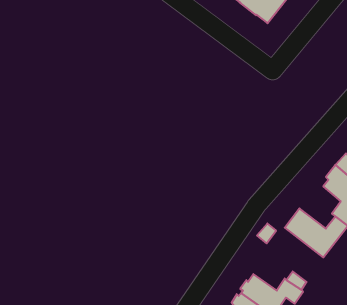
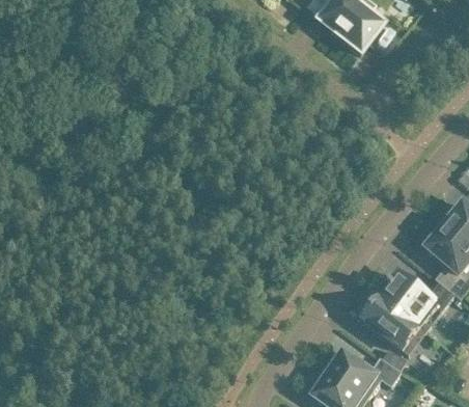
building: none -> [363,295,426,353]

